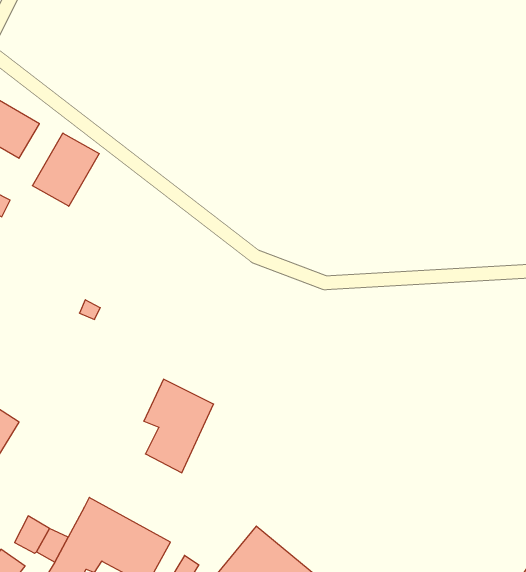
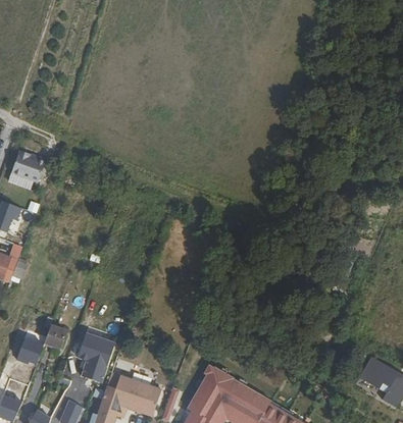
building: [32,133,99,206] -> none
building: [144,379,214,473] -> [75,335,113,386]

